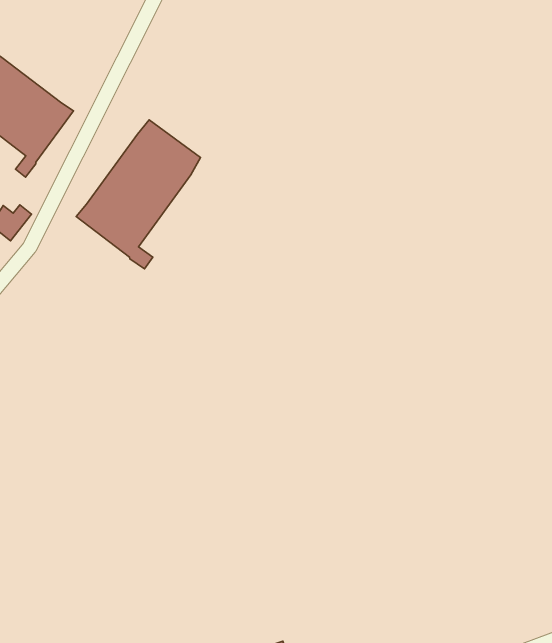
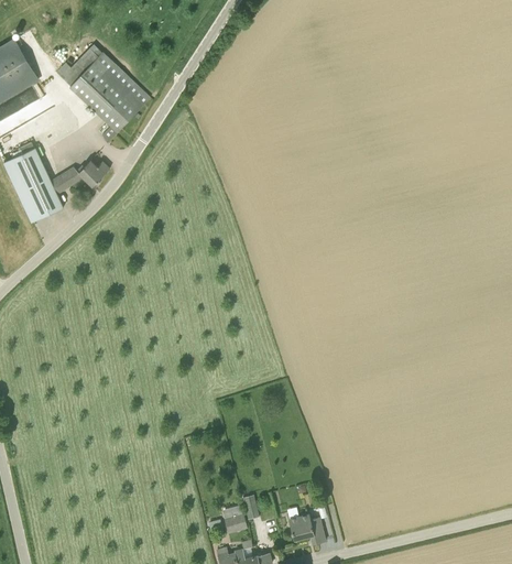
building: [76,120,200,269] -> none

